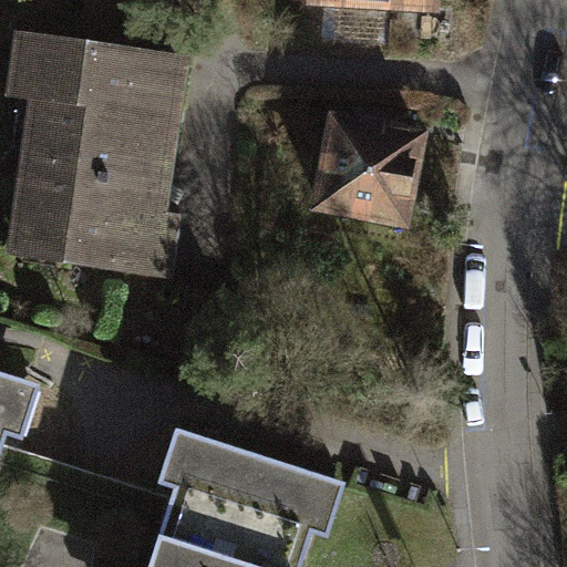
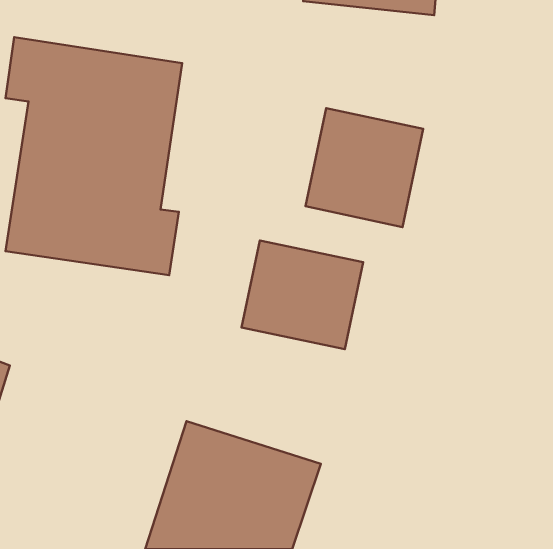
building: none -> [242,241,363,349]

